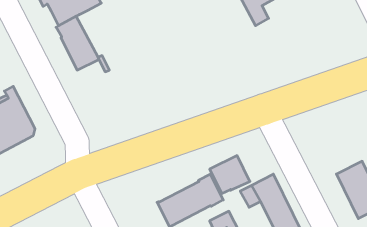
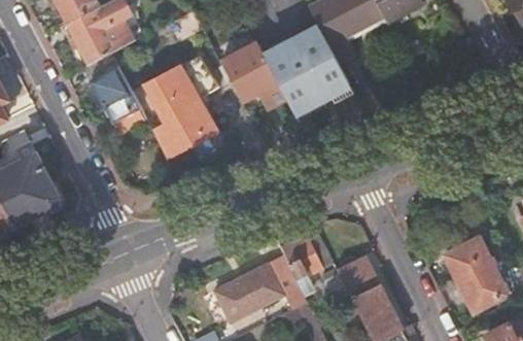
building: none -> [220,41,287,107]
building: none -> [284,41,357,109]
building: none -> [151,61,224,154]

